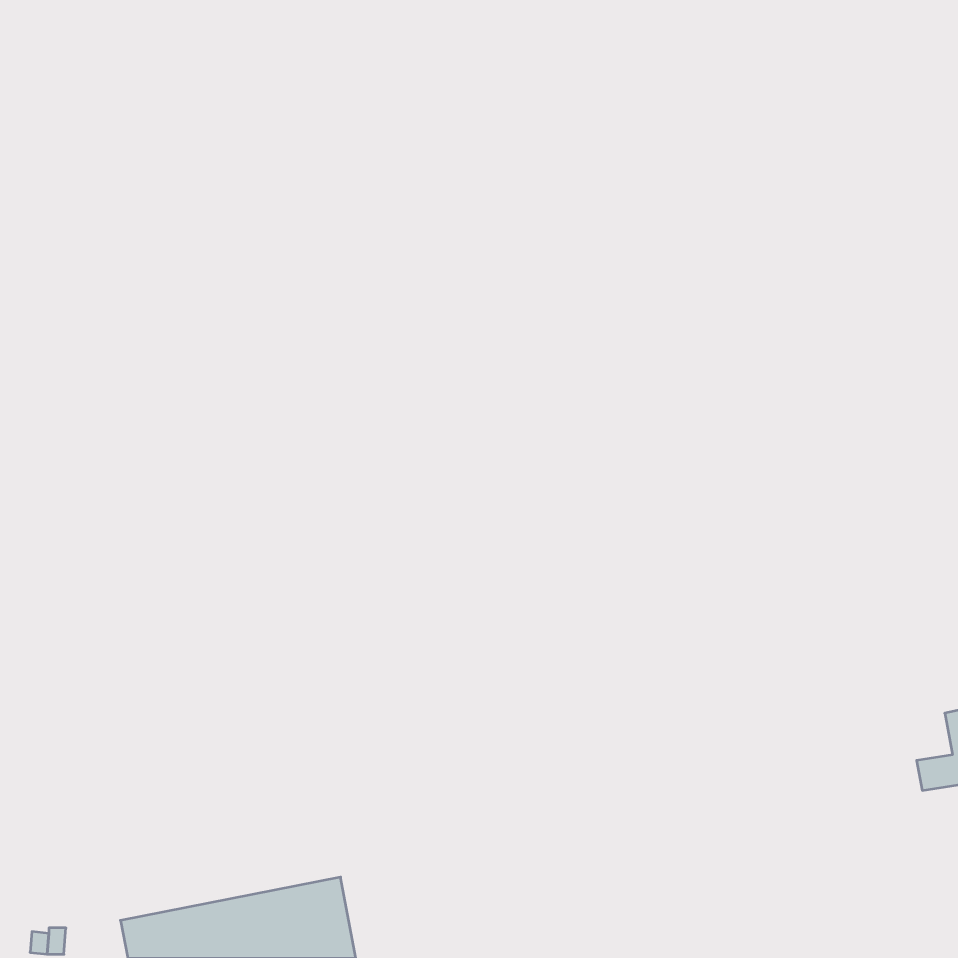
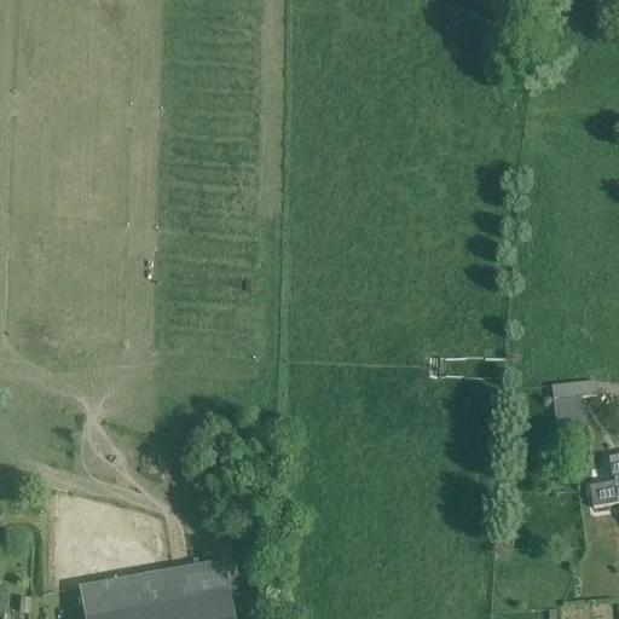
building: none -> [551,380,597,430]

